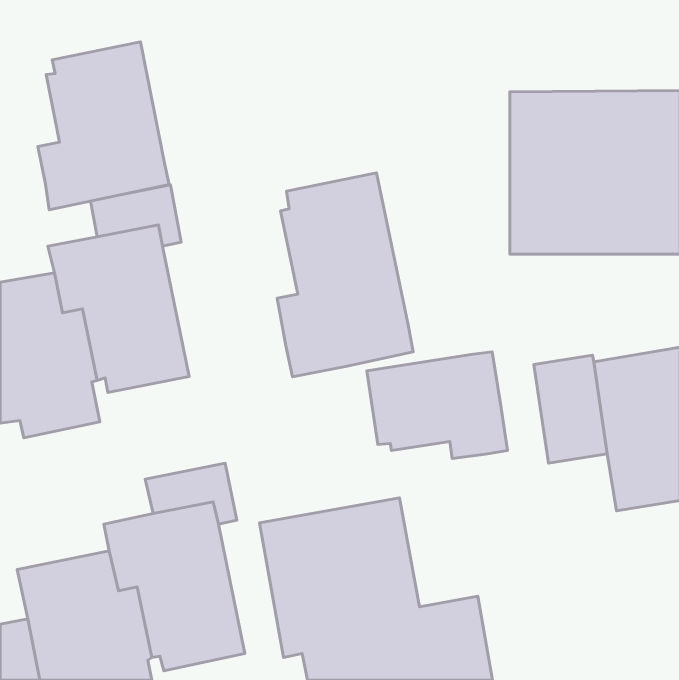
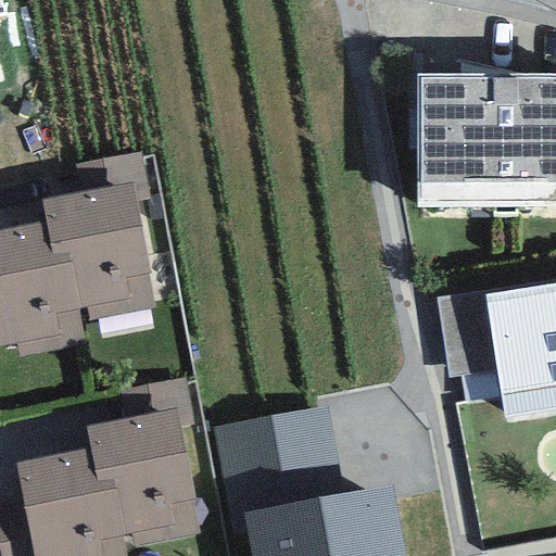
building: [38,42,169,210] -> none
building: [277,173,413,377] -> none
building: [367,352,507,458] -> none

